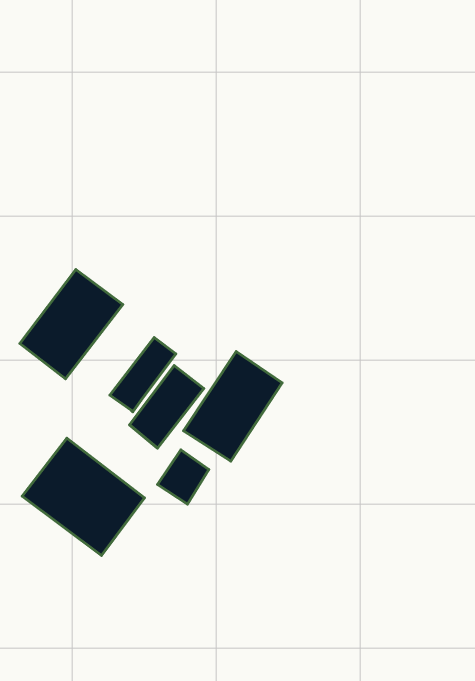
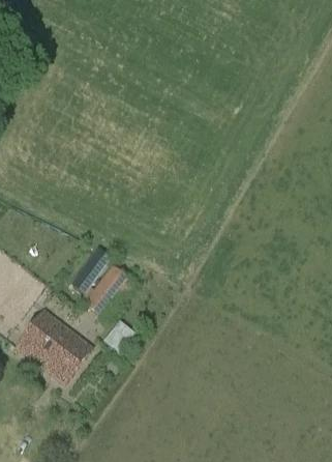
building: [20,269,123,379] -> none
building: [184,352,282,461] -> none

